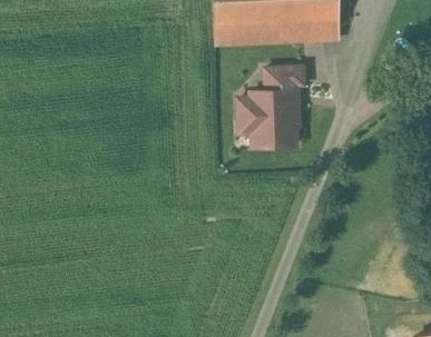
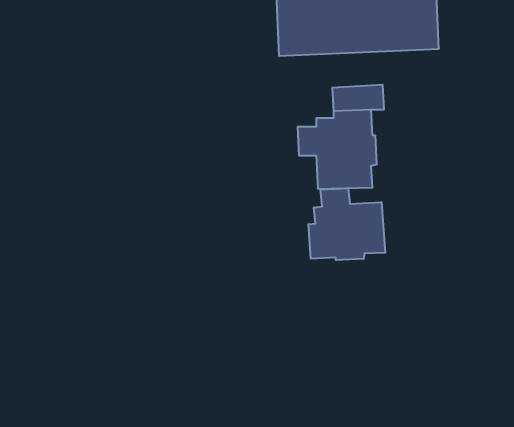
building: none -> [309,188,385,260]

